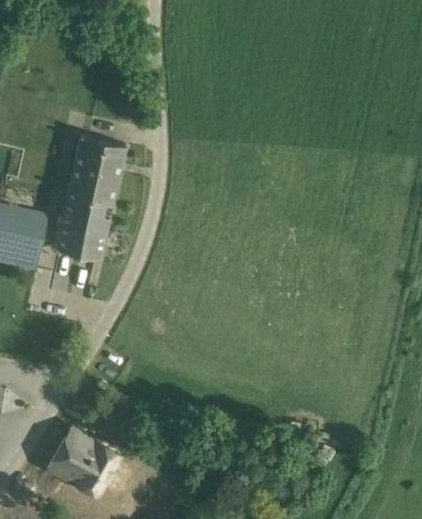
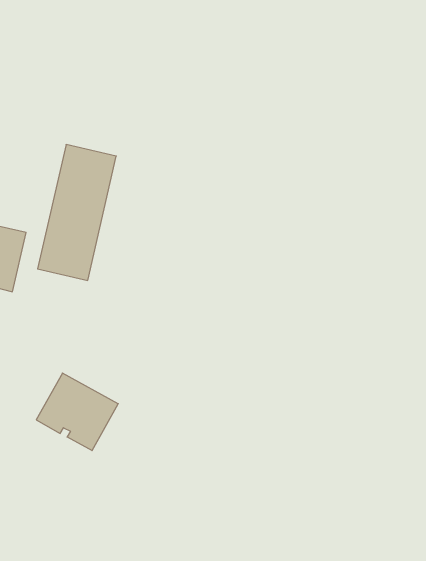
building: [47,428,121,498] -> [36,373,118,451]

